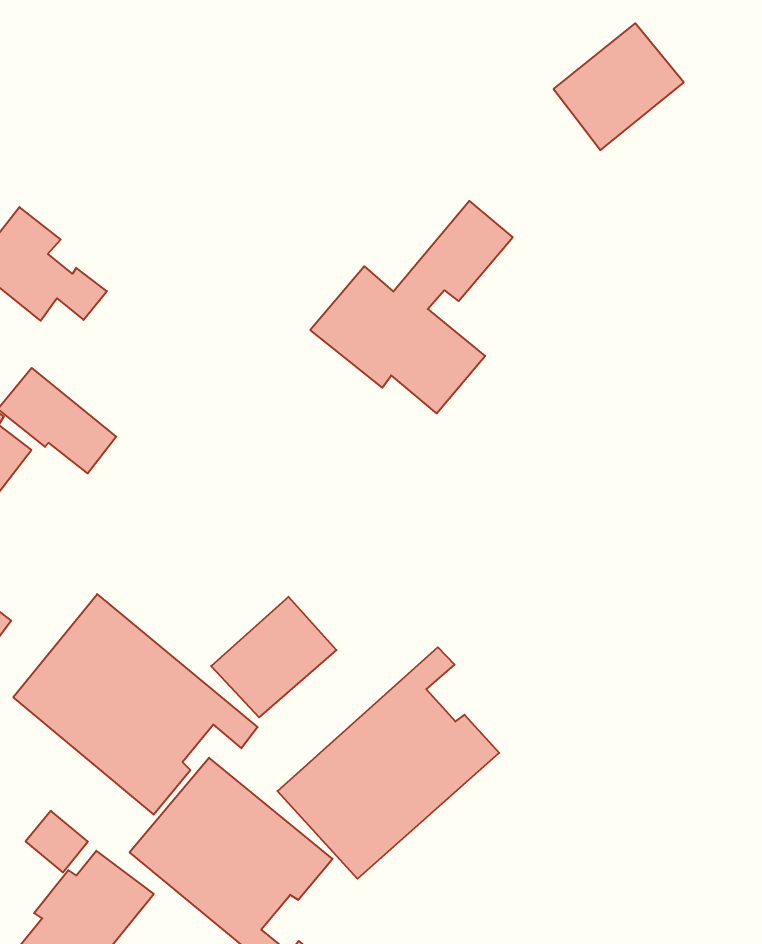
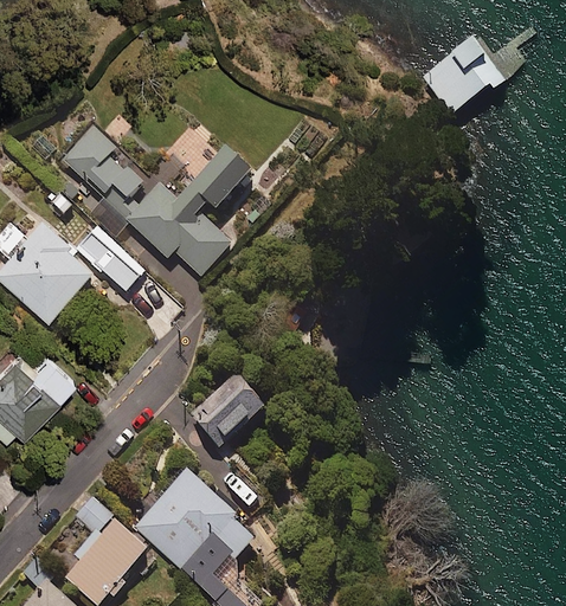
building: [310,201,513,413] -> [126,148,252,276]
building: [13,594,258,815] -> none
building: [277,647,499,879] -> none

